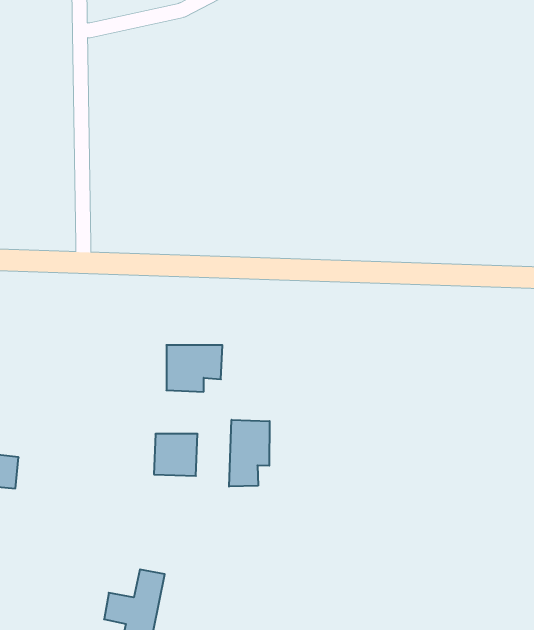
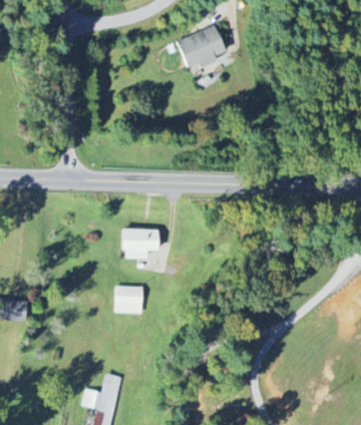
building: none -> [176,25,225,67]
building: [229,420,270,487] -> none

